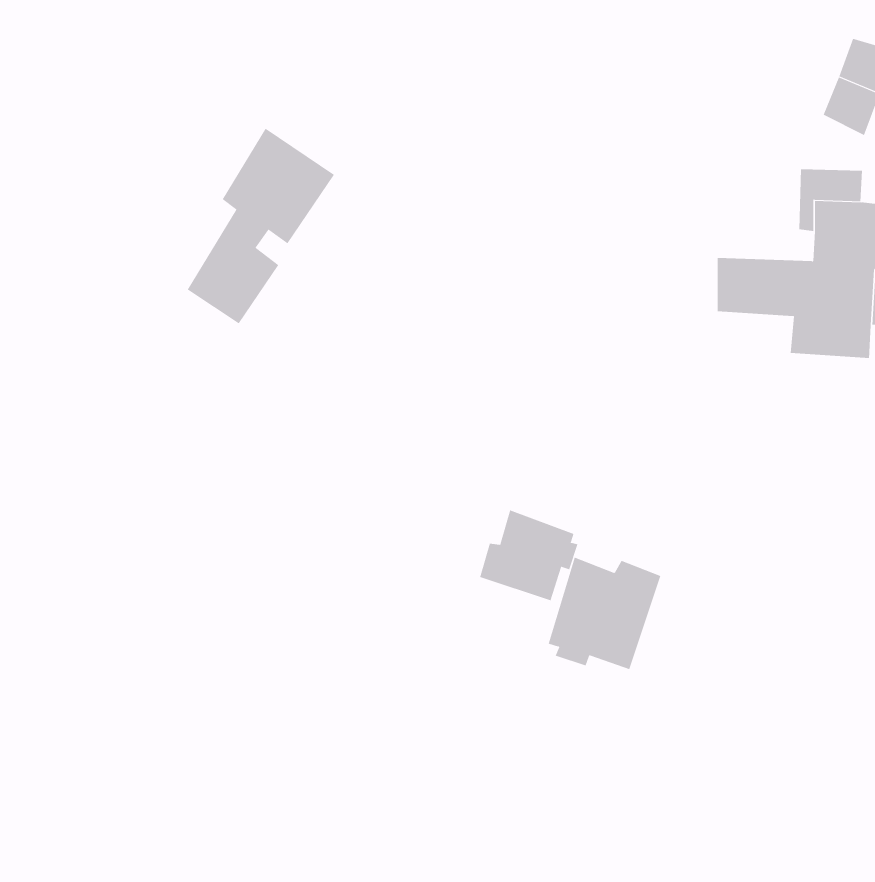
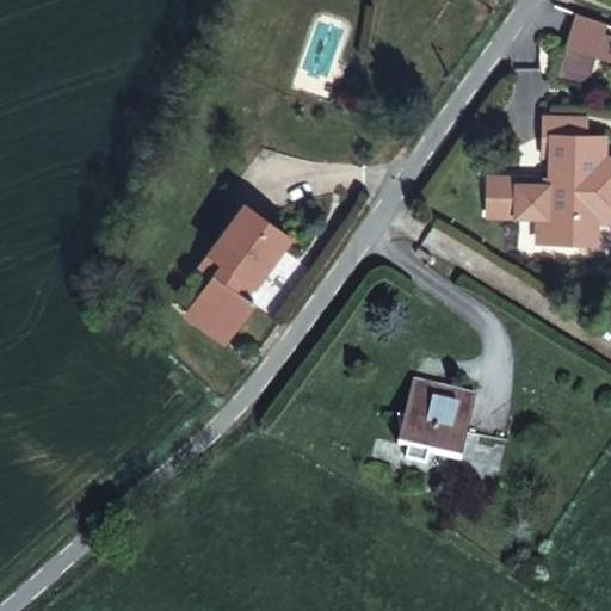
building: [187,128,335,324] -> [186,208,288,342]
building: [480,510,578,601] -> none

